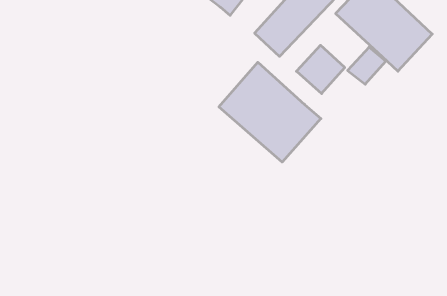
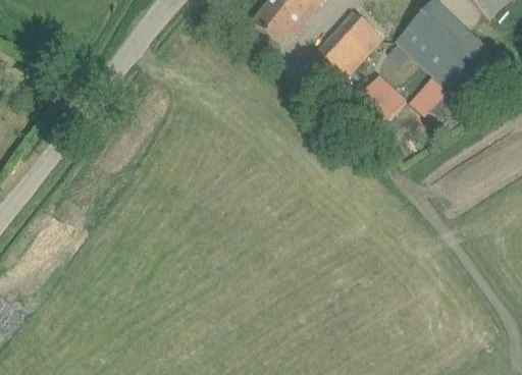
building: [219,62,321,162] -> none

